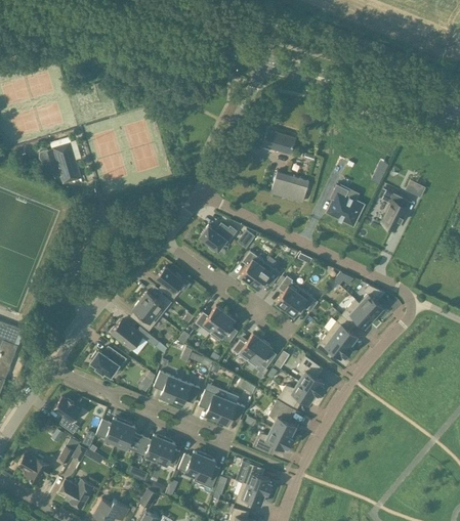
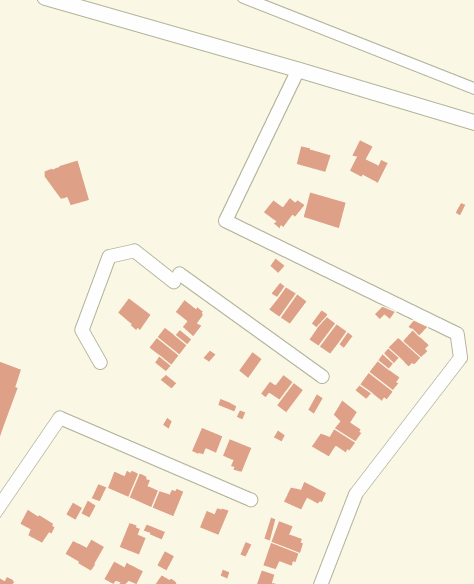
building: [327,185,362,224] -> [349,140,388,183]
building: [381,188,410,229] -> none
building: [200,223,238,252] -> [263,197,306,229]
building: [195,306,225,334] -> none
building: [112,320,142,350] -> [117,298,152,331]
building: [90,348,127,376] -> none
building: [154,371,180,401] -> none
building: [53,396,81,433] -> none
building: [216,398,245,424] -> none
building: [268,399,296,438] -> none
building: [156,437,180,467] -> [119,522,146,555]
building: [194,454,220,488] -> none

